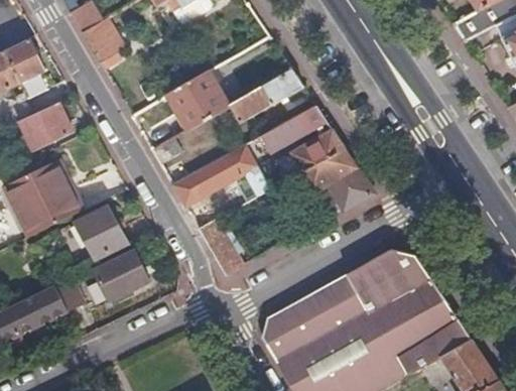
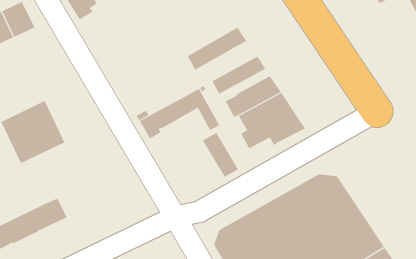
building: [166,72,230,130] -> none
building: [18,103,72,152] -> none
building: [73,206,128,261] -> none
building: [197,221,242,276] -> [202,132,239,178]
building: [91,250,147,302] -> none

